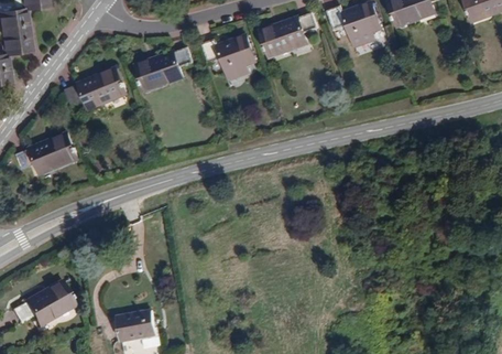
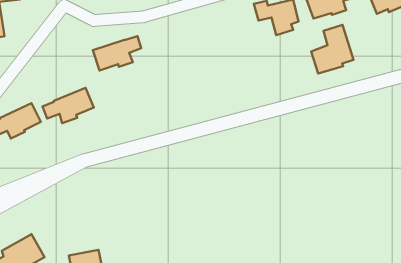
building: [261,18,318,55] -> none
building: none -> [311,25,354,74]
building: [203,36,257,79] -> none
building: [66,69,127,111] -> [43,88,94,123]

